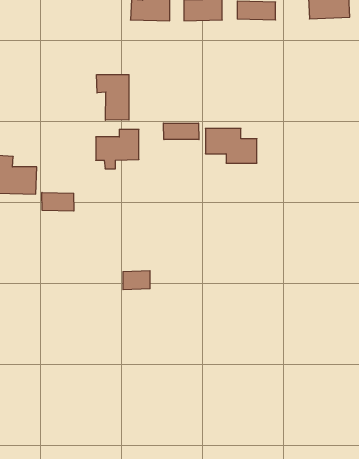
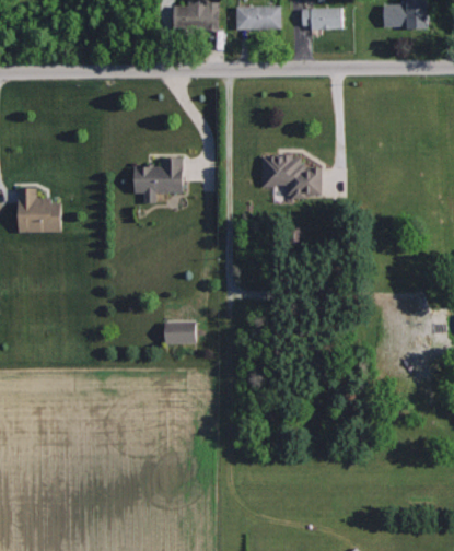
building: [97,75,129,120] -> none
building: [163,123,199,140] -> none
building: [42,192,74,211] -> none

